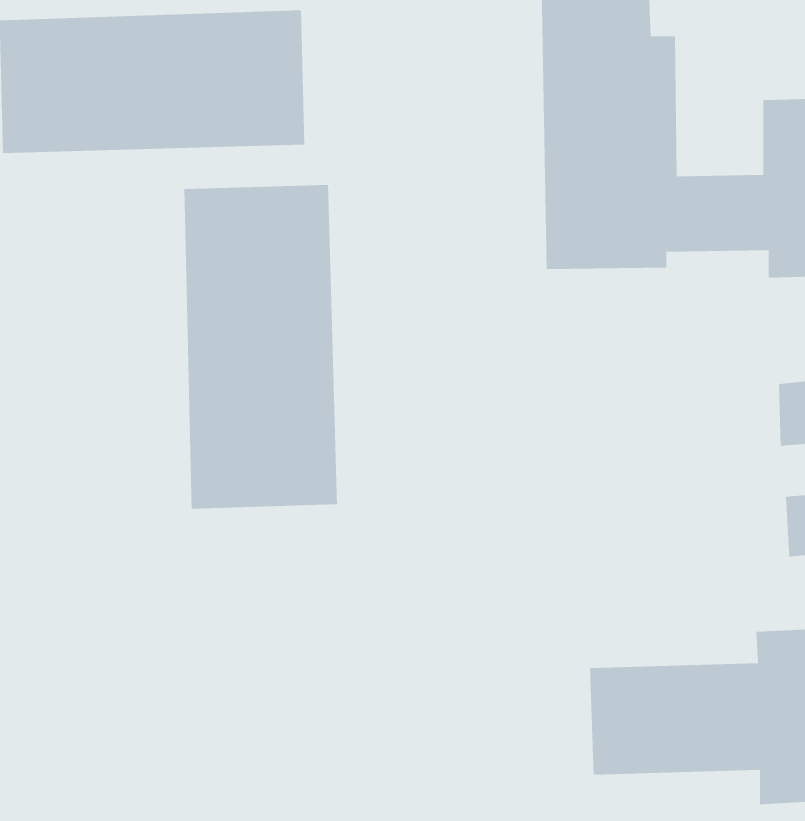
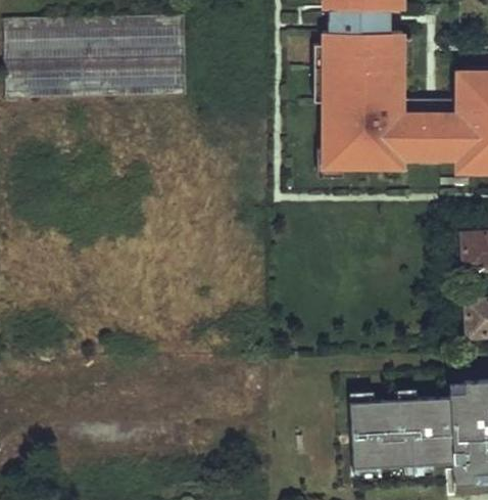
building: [184,184,338,510] -> none

